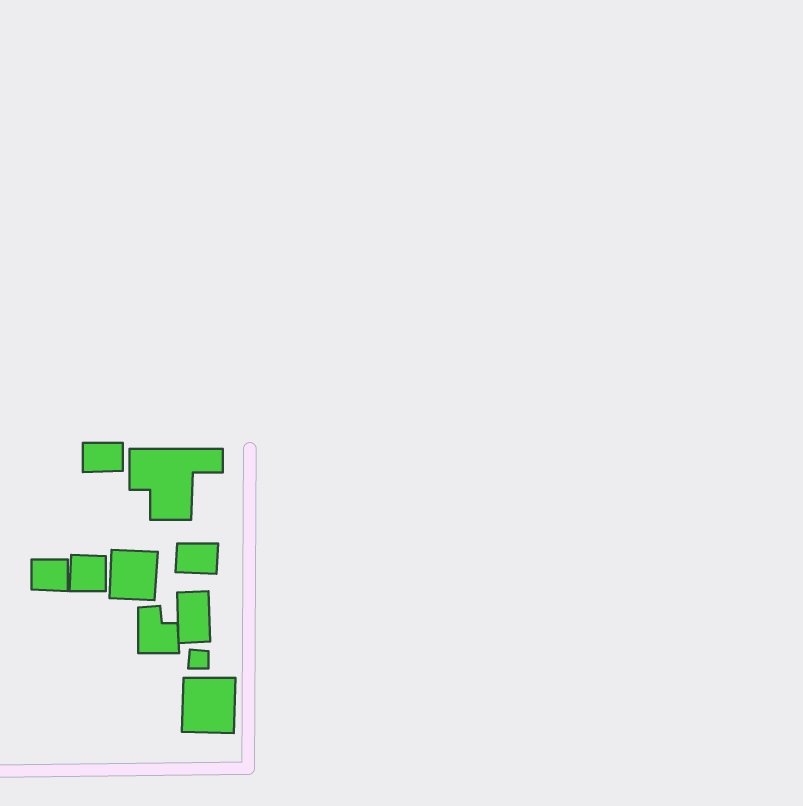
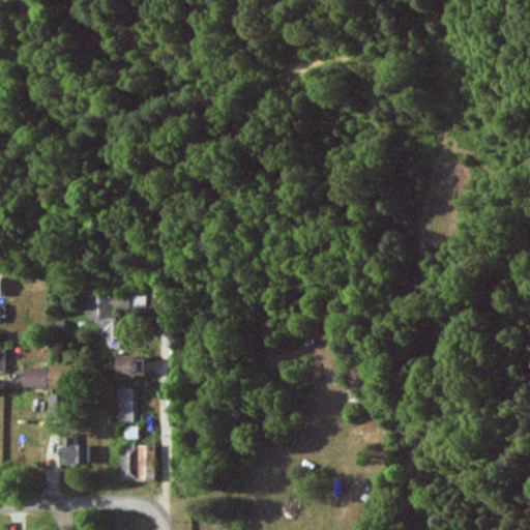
building: [83,443,123,472] -> none
building: [109,550,158,600] -> none
building: [138,606,179,653] -> [59,433,86,464]

